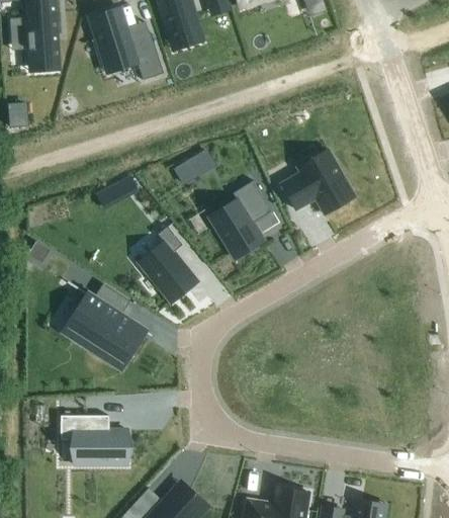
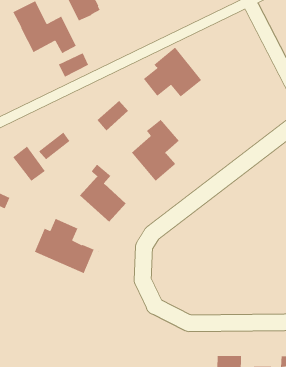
building: none -> [58,52,89,78]
building: [282,149,356,213] -> [143,46,202,97]
building: none -> [12,146,46,182]
building: [61,415,125,463] -> none

